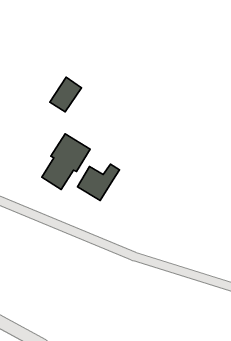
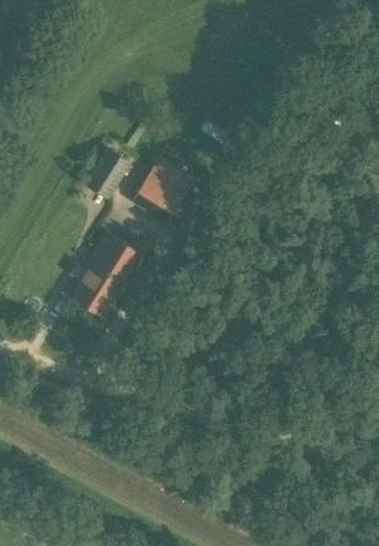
building: [78,164,119,200] -> [131,172,193,226]

